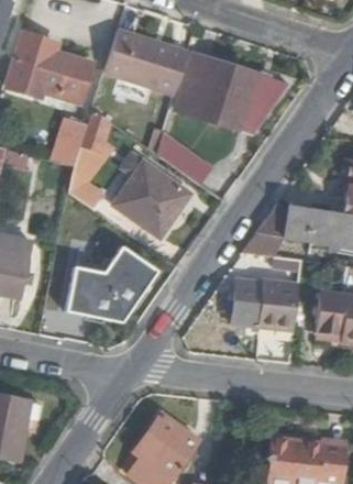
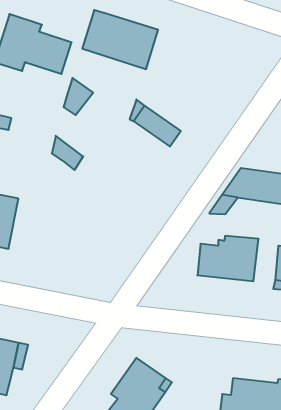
building: [176,53,288,133] -> none
building: [52,116,86,163] -> none
building: [114,160,186,234] -> none
building: [67,243,157,320] -> none

